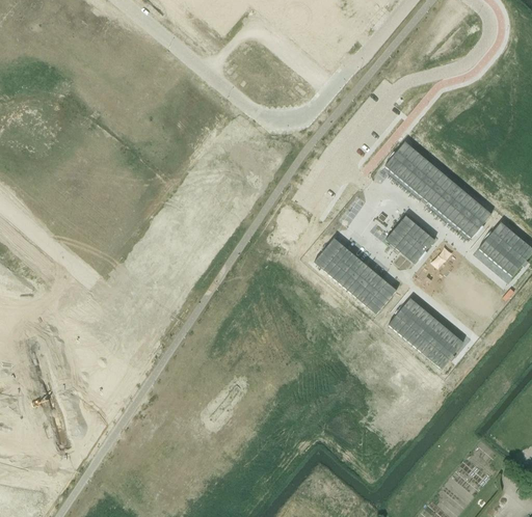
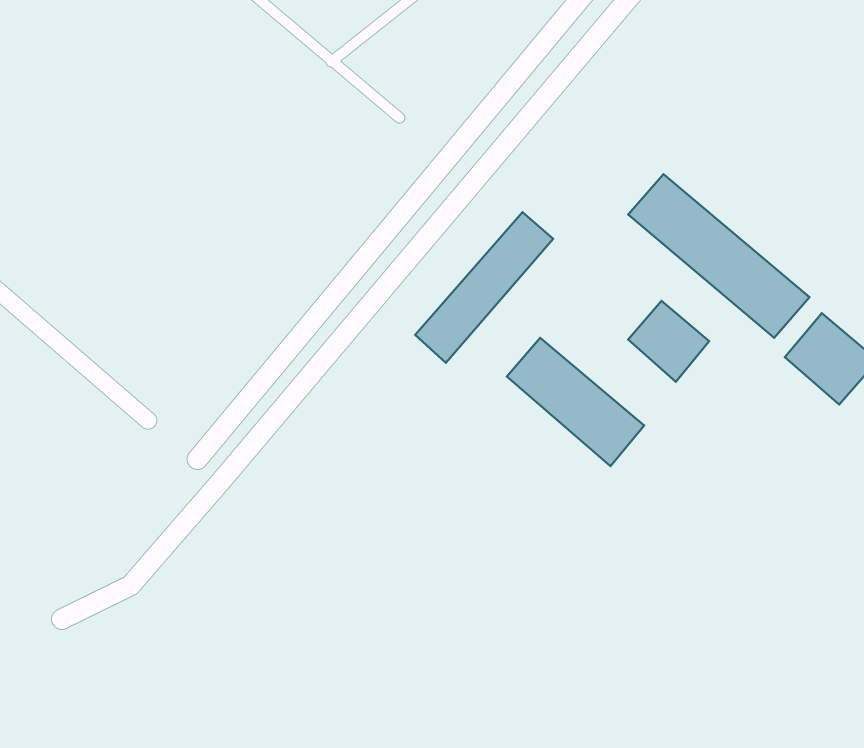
building: none -> [415,212,553,363]
building: [389,298,463,369] -> none

